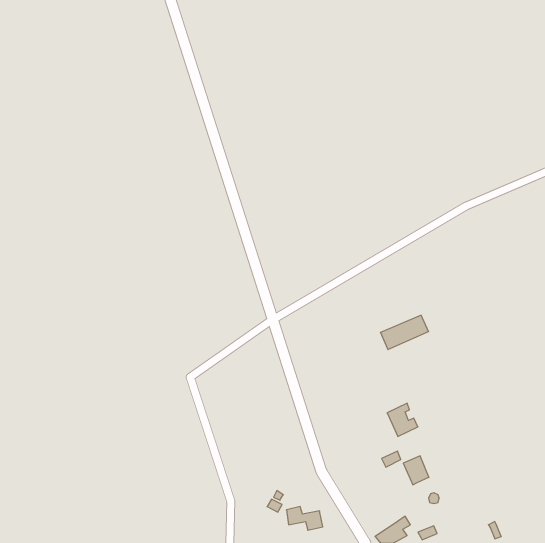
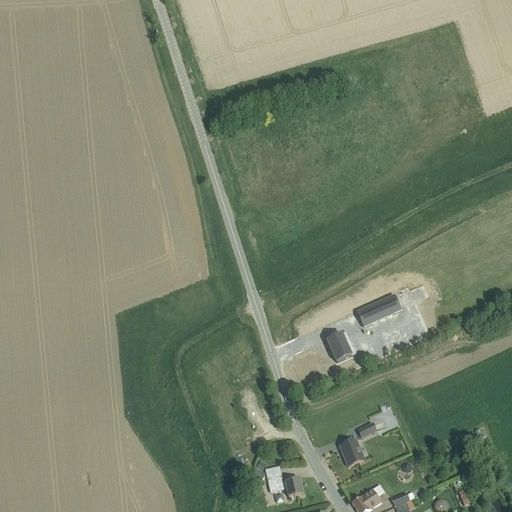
building: [387,403,418,436] -> [326,331,355,362]
building: [403,456,429,485] -> [339,438,363,465]

